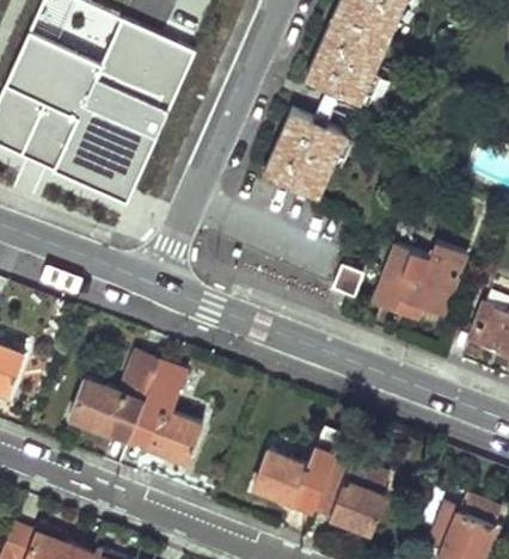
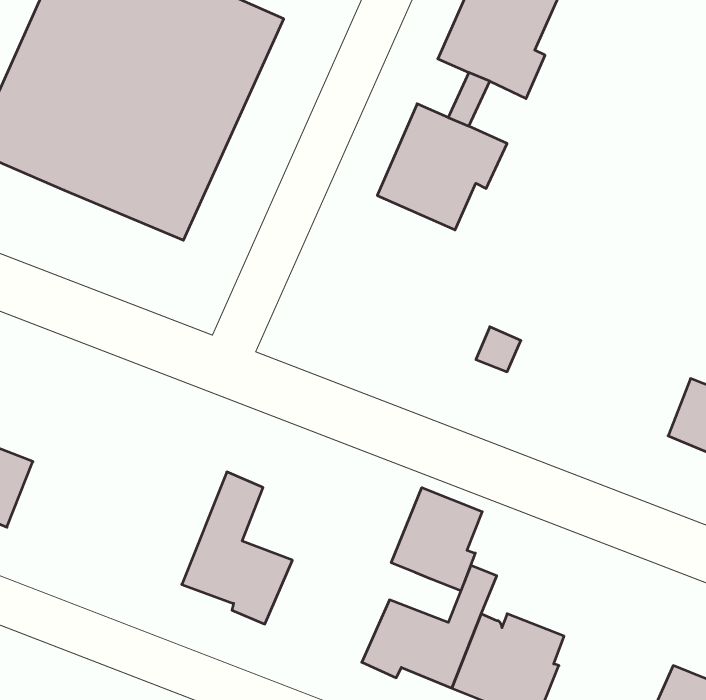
building: [368,240,461,320] -> none
building: [67,355,159,442] -> none
building: none -> [391,488,482,591]

